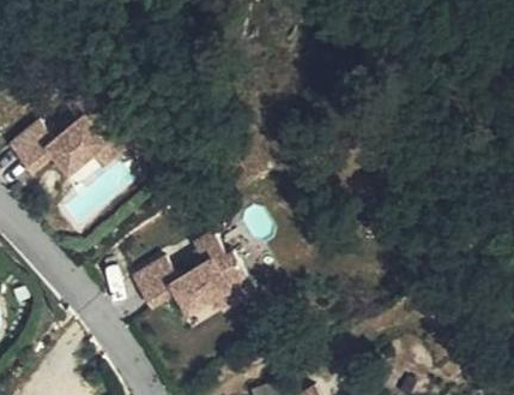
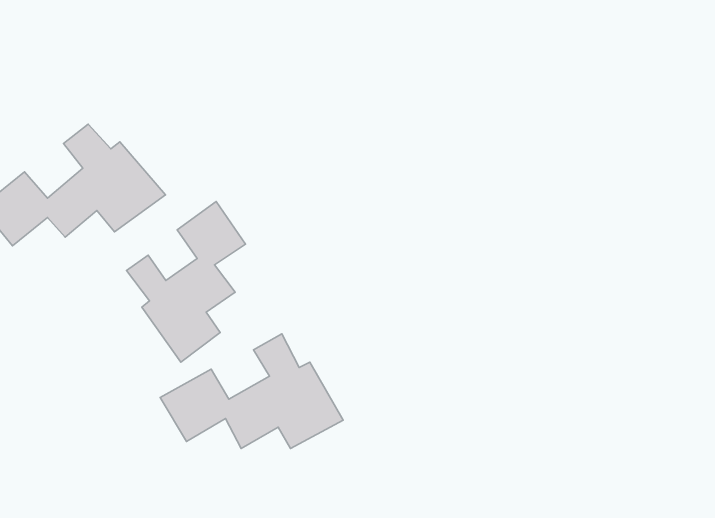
building: none -> [126,202,245,362]

